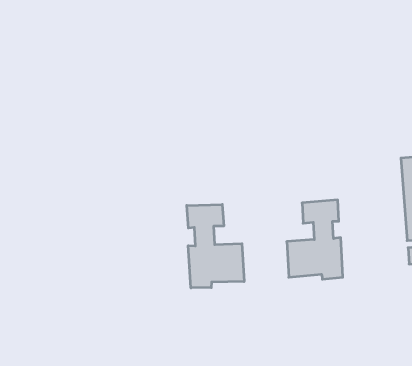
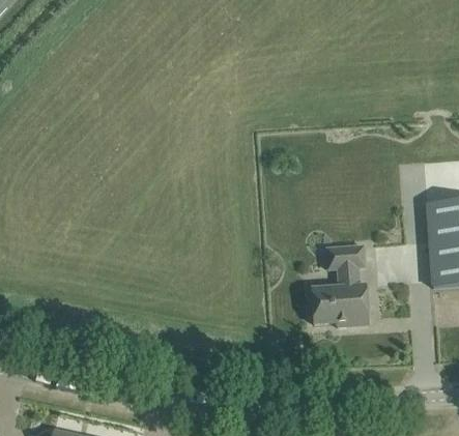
building: [187,204,244,288] -> none

